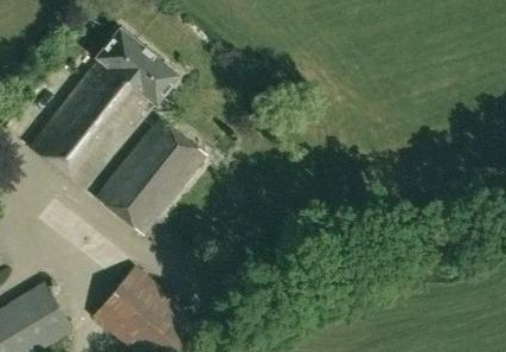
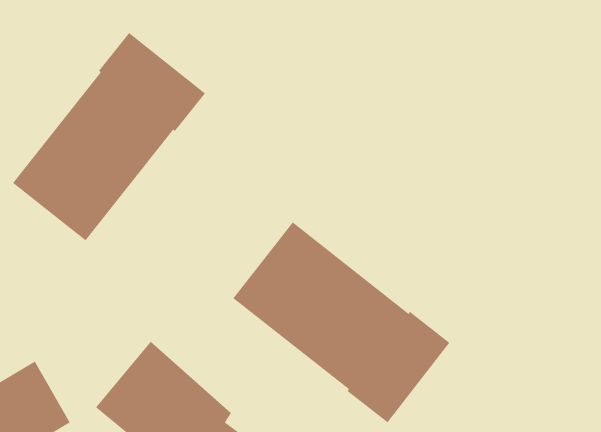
building: [96,116,206,233] -> none
building: none -> [232,222,450,423]

